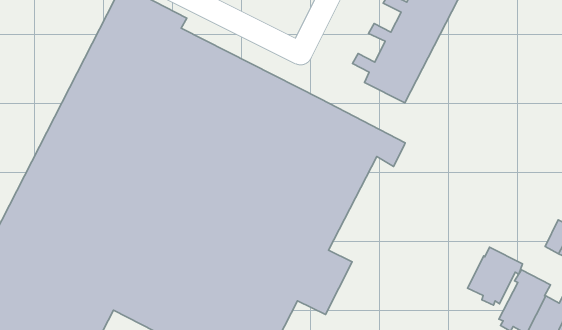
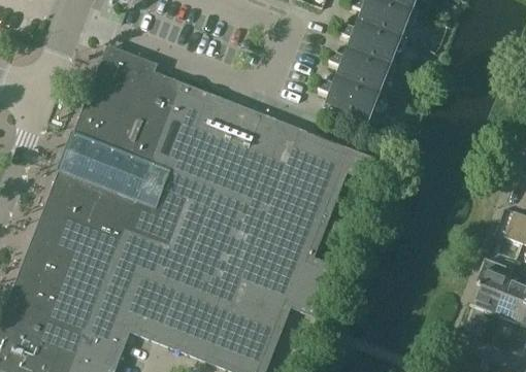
building: [468,247,522,305] -> none

